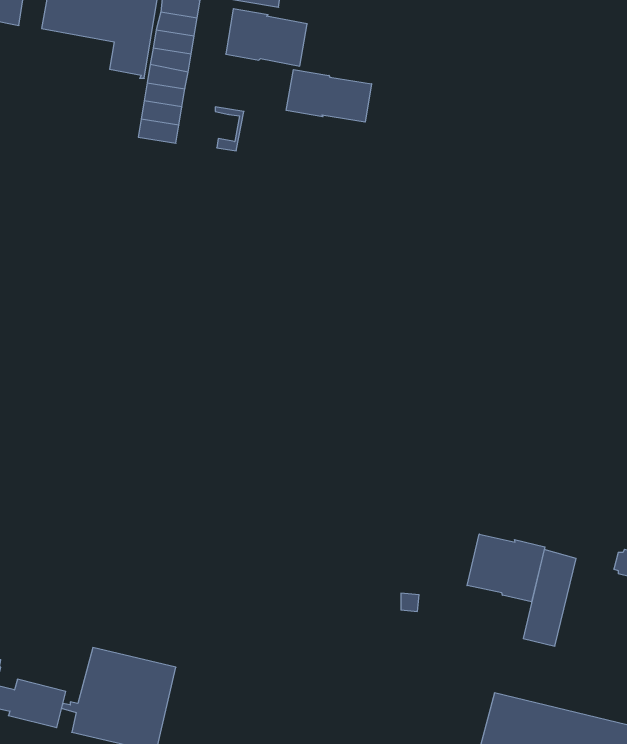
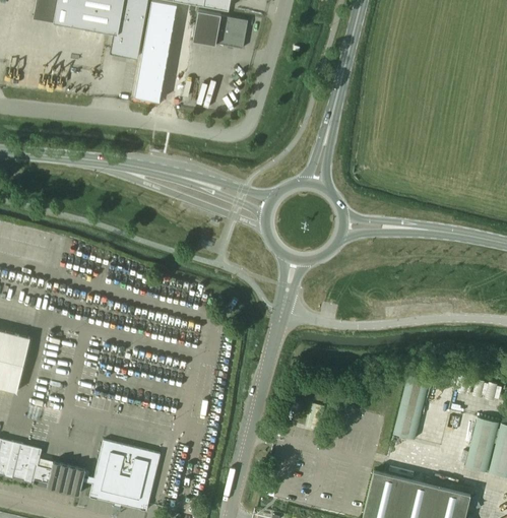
building: [286,70,372,122] -> none
building: [467,534,545,602] -> none

